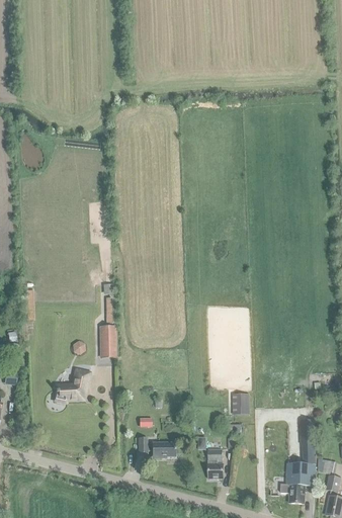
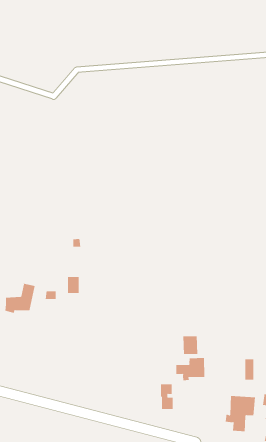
building: [54,368,89,403] -> [4,283,35,313]
building: none -> [176,357,205,381]
building: [138,437,174,458] -> none

